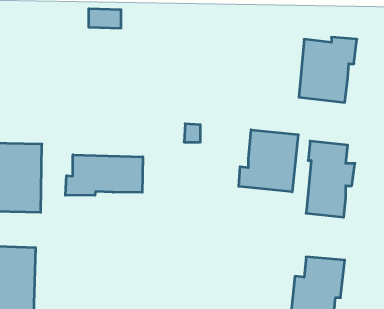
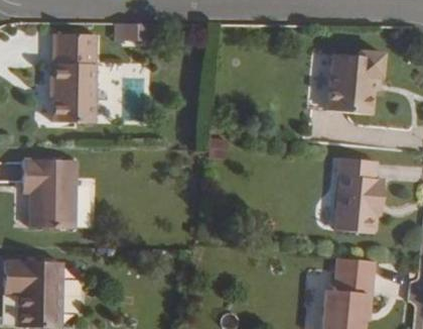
building: none -> [48,31,95,123]
building: [239,130,298,192] -> none
building: [65,155,143,195] -> none

